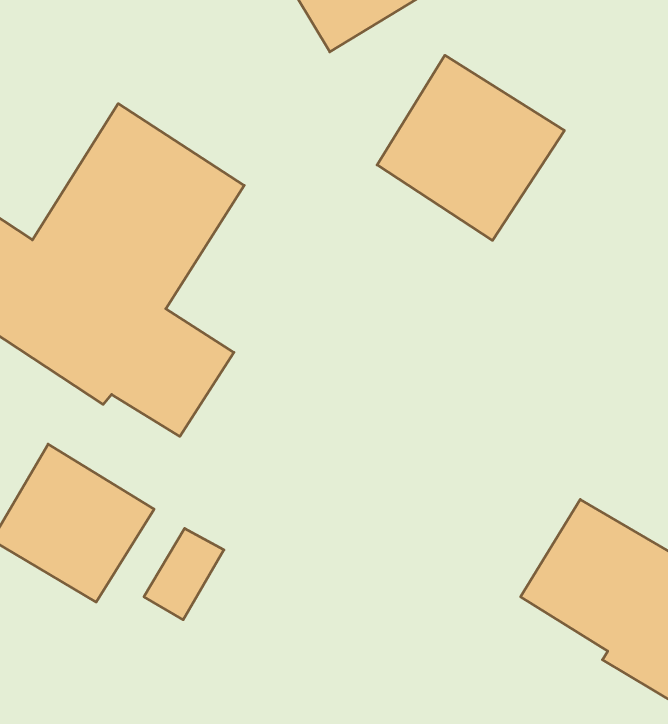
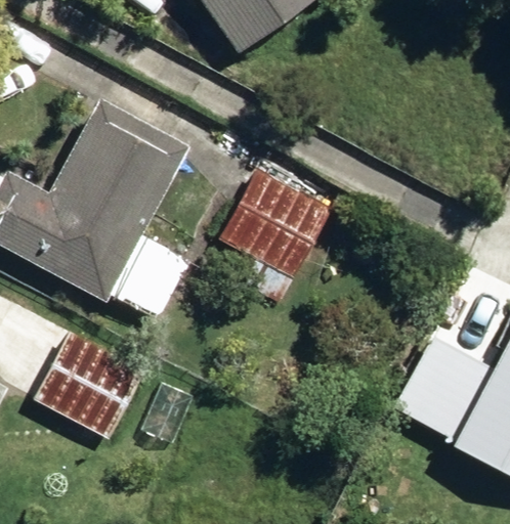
building: [377,55,564,240] -> none
building: none -> [222,169,332,302]

